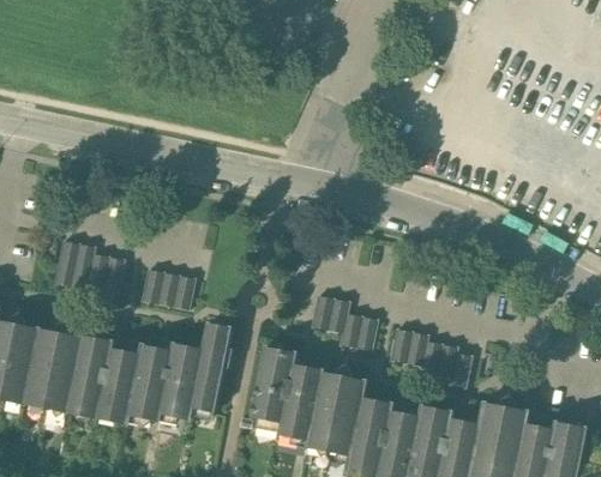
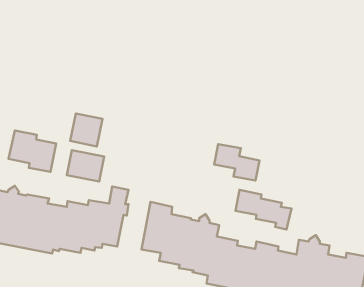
building: none -> [70,114,103,146]
building: [309,295,377,349] -> [214,144,259,181]

